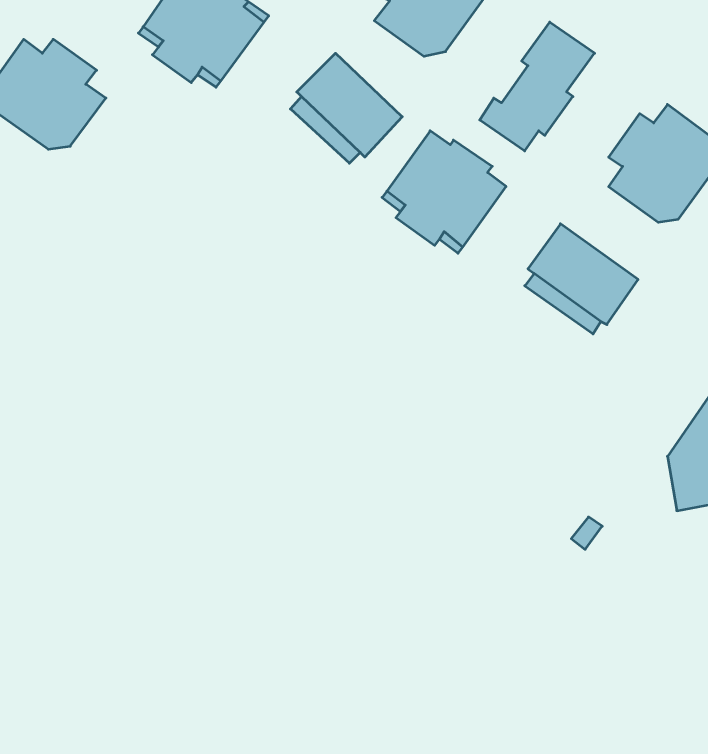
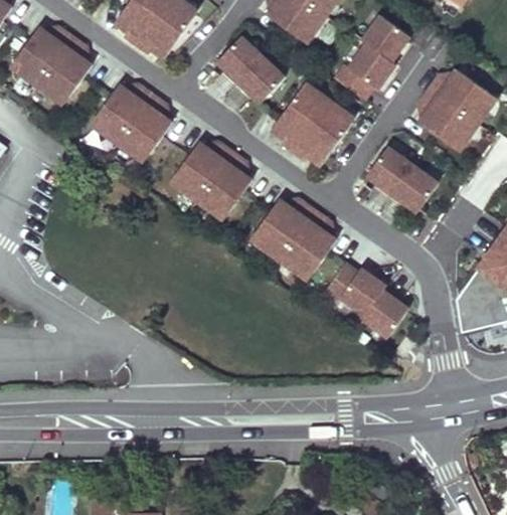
building: none -> [97,83,172,156]
building: none -> [176,141,252,213]
building: none -> [256,198,336,274]
building: none -> [324,263,408,336]

